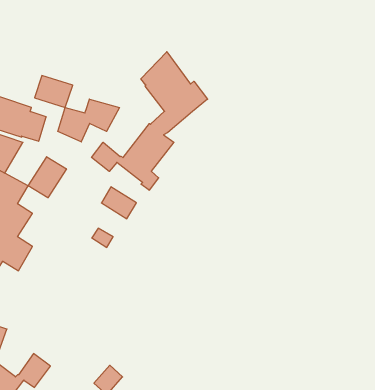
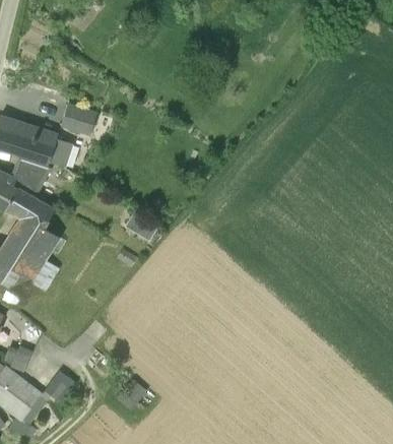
building: [92,52,208,190] -> none
building: [58,99,119,142] -> none
building: [28,157,66,198] -> none

